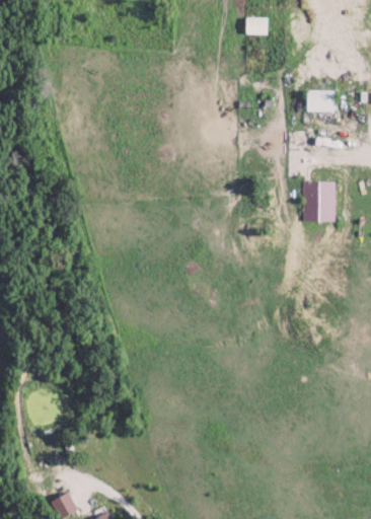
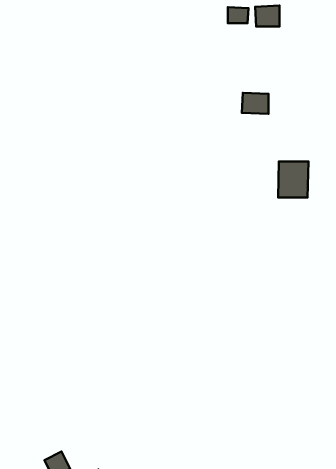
building: none -> [255,6,279,27]
building: [308,90,337,113] -> [242,93,269,114]

